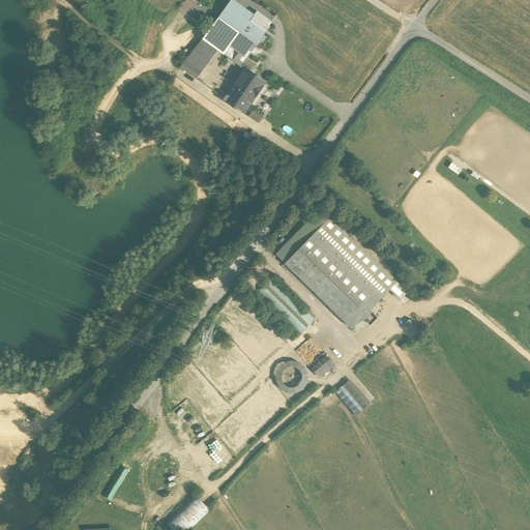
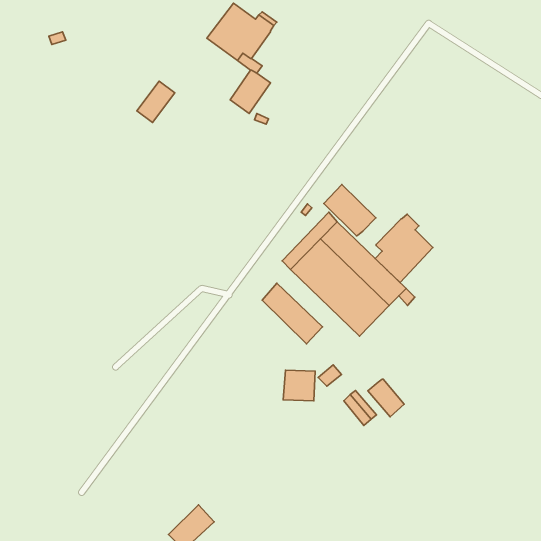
building: [180,38,217,79] -> [137,81,175,122]
building: none -> [324,185,376,236]
building: none -> [375,214,433,282]
building: none -> [368,379,404,417]

